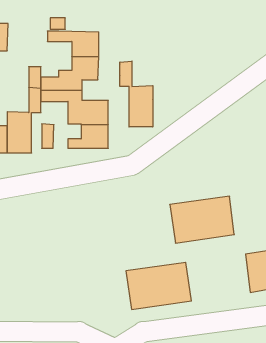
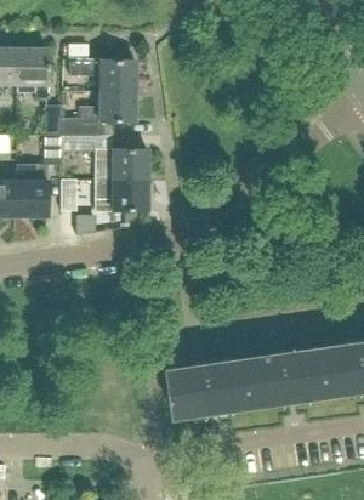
building: none -> [16,50,47,101]
building: [120,61,153,127] -> none
building: [170,196,234,243] -> [248,348,331,409]

